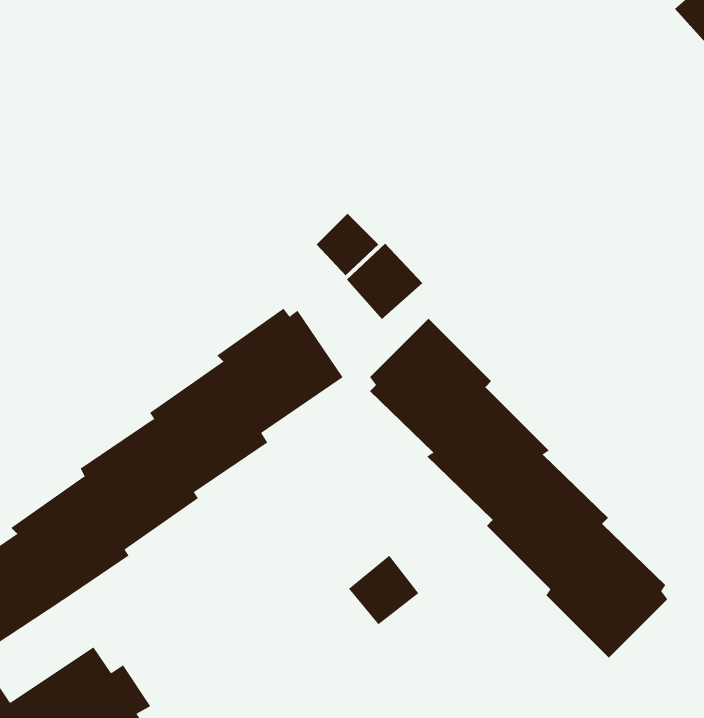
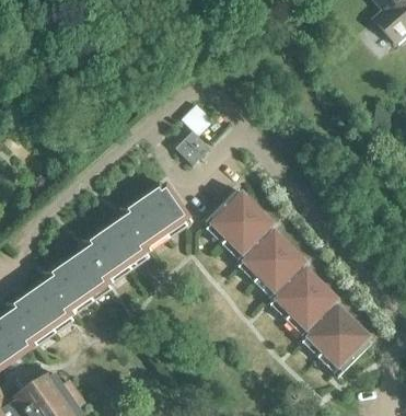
building: [346,243,423,320] -> none
building: [348,555,419,625] -> none

